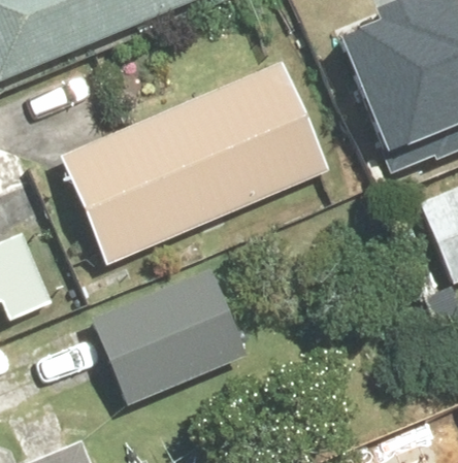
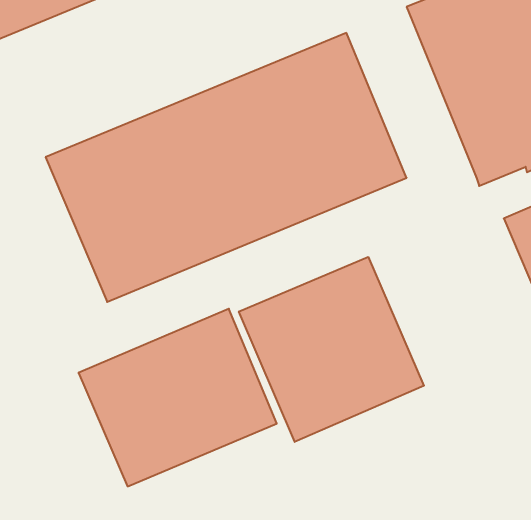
building: none -> [239,257,424,442]

